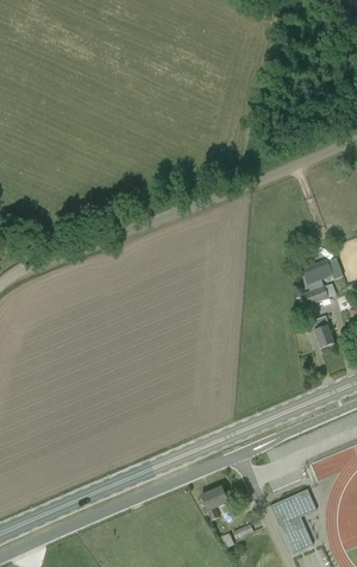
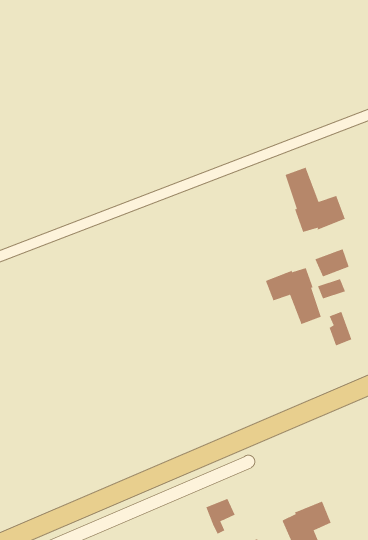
building: none -> [285,167,346,234]
building: none -> [265,266,321,325]

